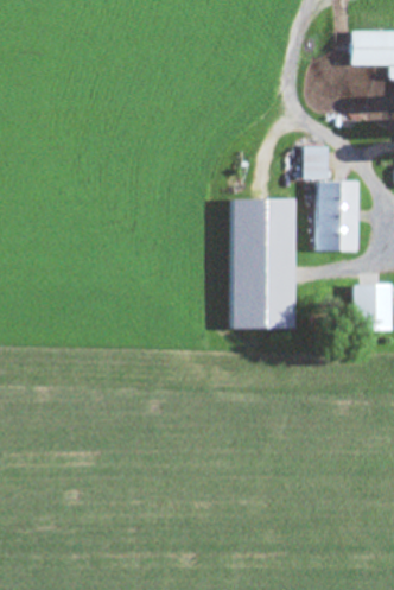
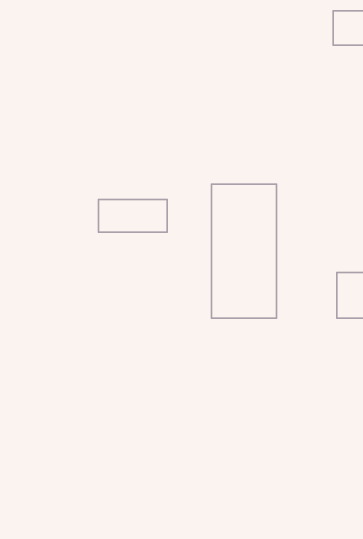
building: [304,145,358,250] -> none
building: none -> [99,200,167,232]

